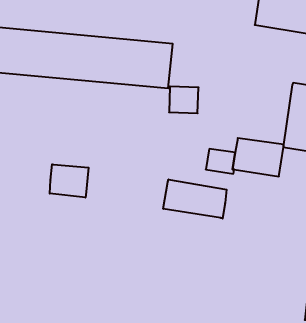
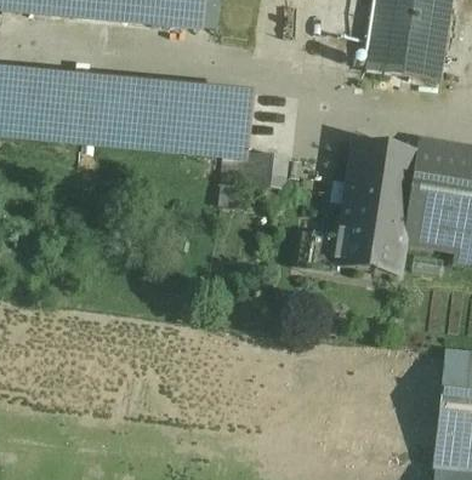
building: none -> [342,141,416,230]
building: [50,164,89,198] -> none
building: [163,179,227,219] -> none

